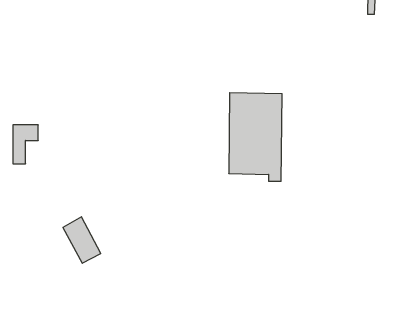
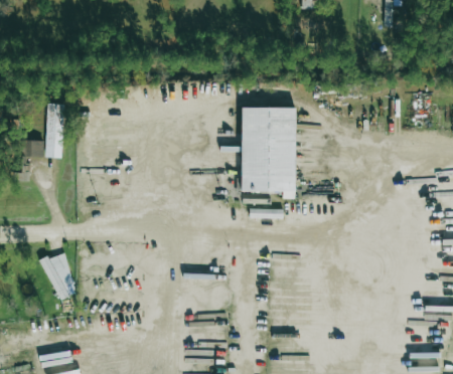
building: none -> [45,104,63,157]
building: [63,217,101,263] -> [40,251,80,300]

